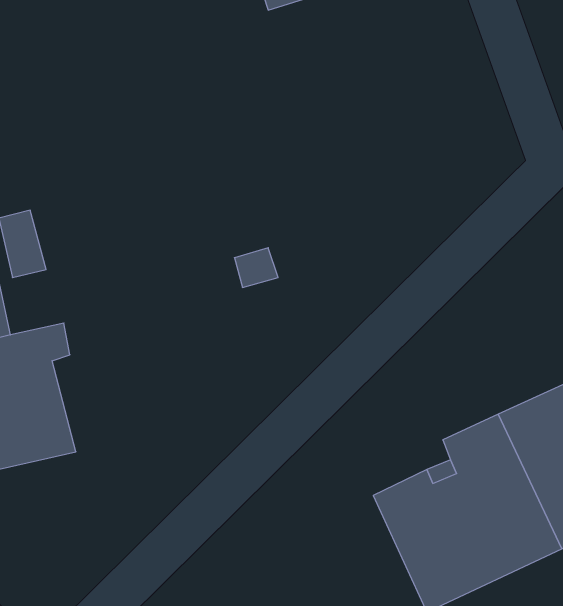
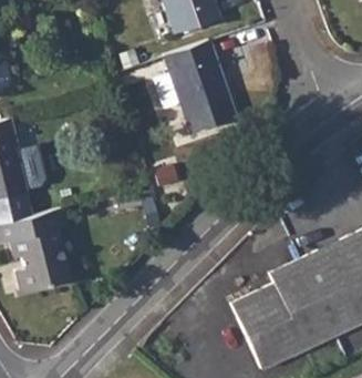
building: none -> [148,40,237,131]

